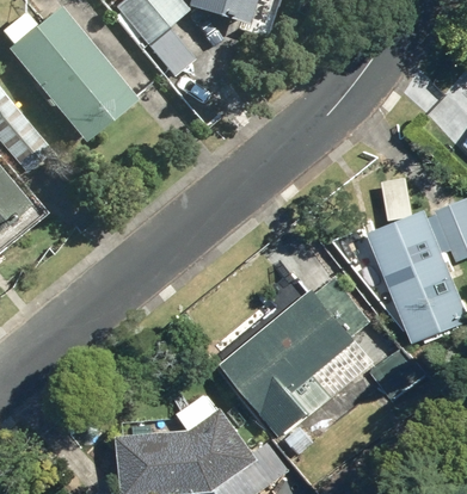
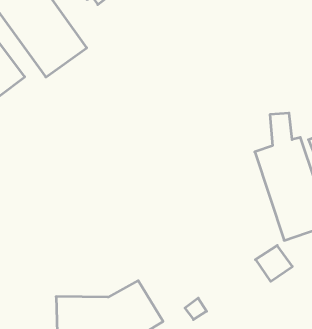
building: [221,276,377,438] -> none

